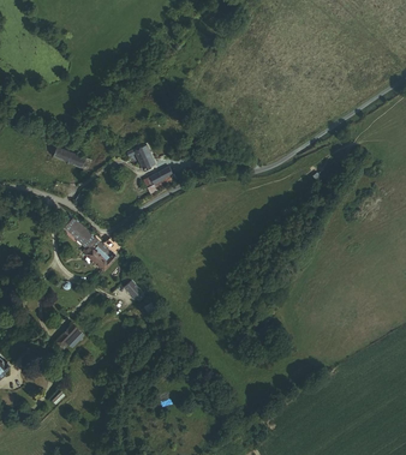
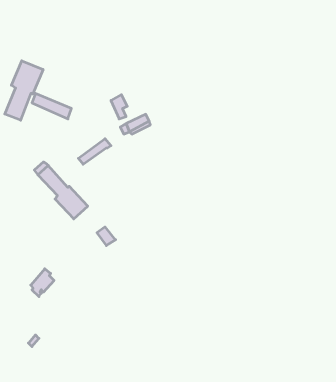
building: none -> [5,61,43,120]

